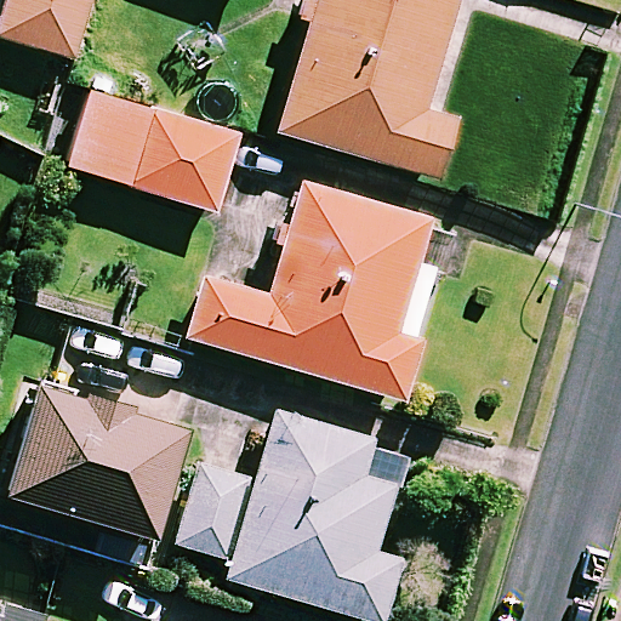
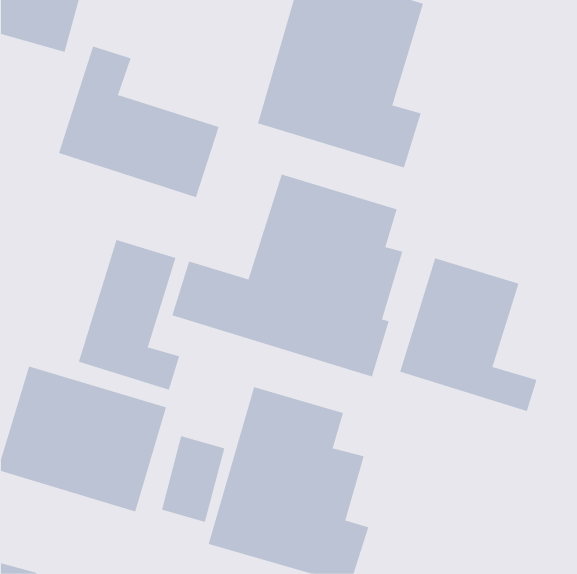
building: none -> [78,239,180,390]
building: none -> [400,257,537,412]

